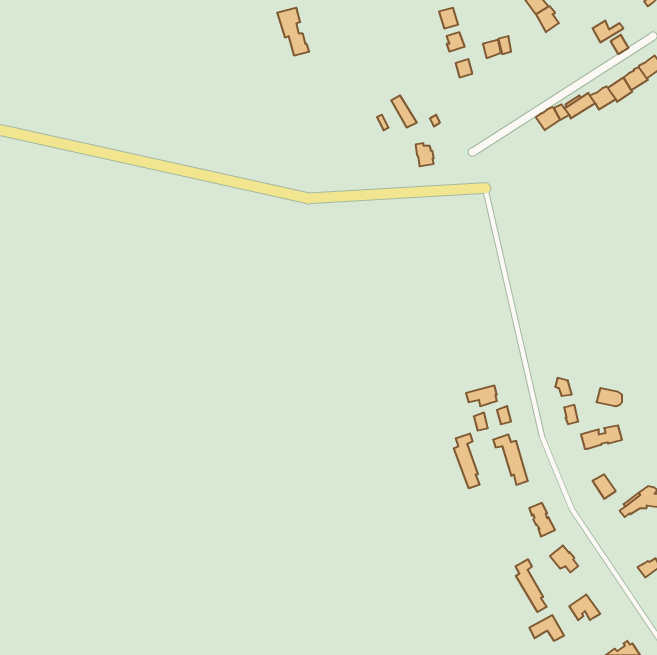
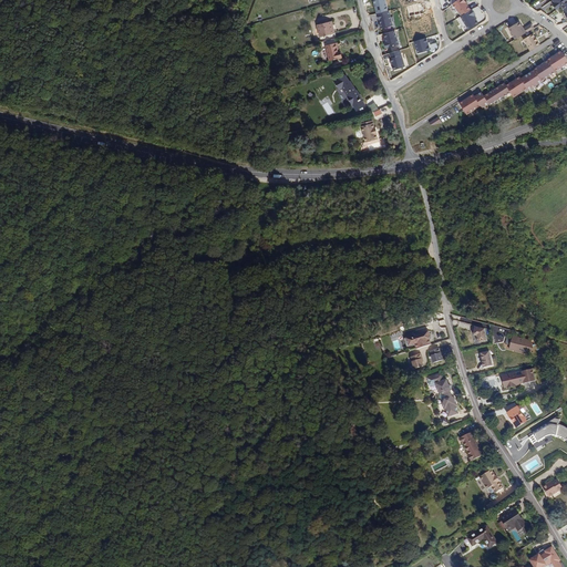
building: [277,8,309,55] -> [312,20,340,61]
building: [454,433,480,488] -> none
building: [516,559,547,612] -> none

